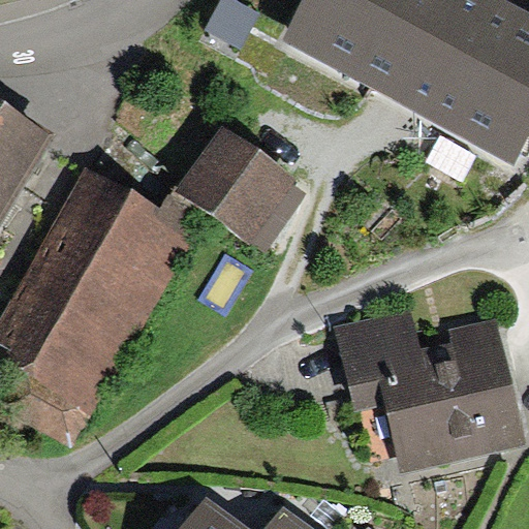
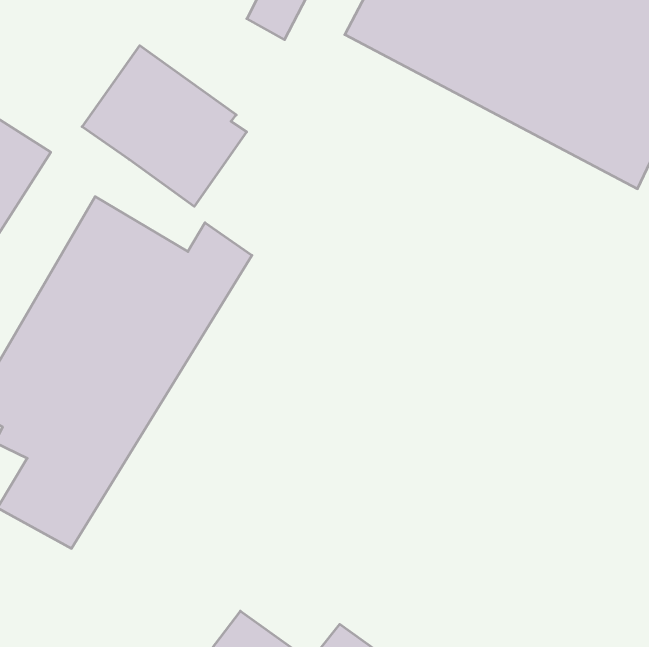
building: [175,125,305,252] -> [82,46,247,206]
building: [338,313,519,476] -> none

